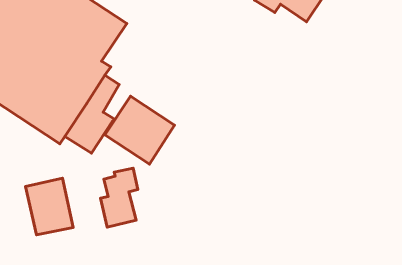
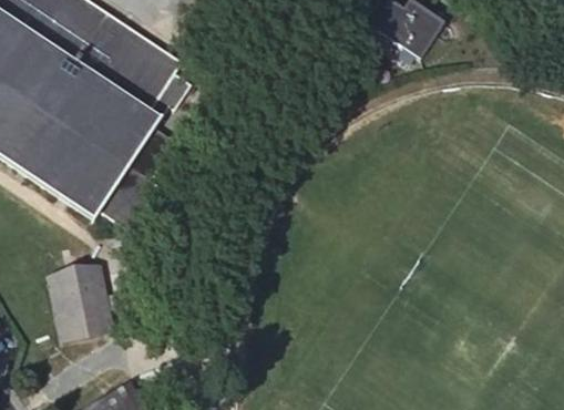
building: [105,96,174,164] -> none
building: [100,168,138,227] -> none

